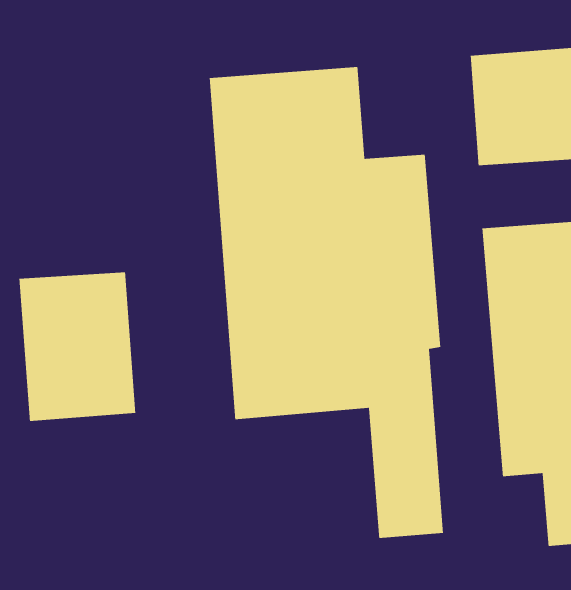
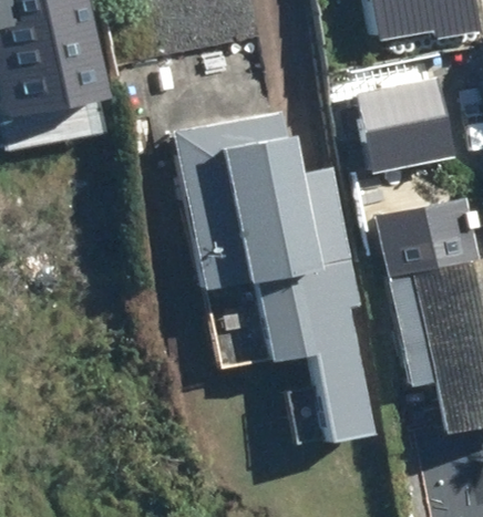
building: [18,272,136,422] -> none

